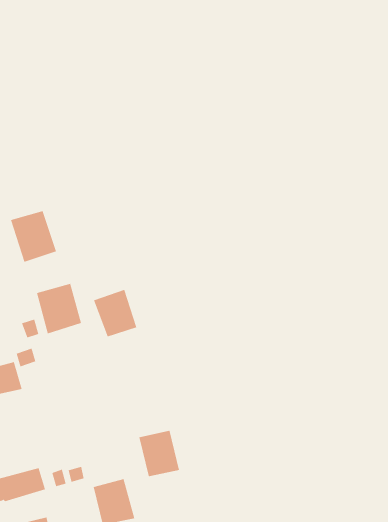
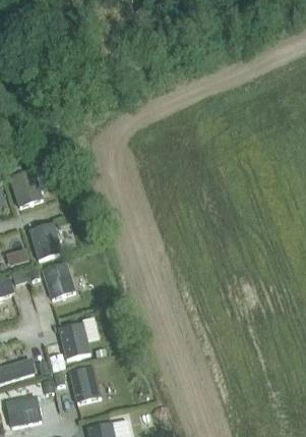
building: [93,289,137,337] -> [42,261,74,296]
building: [139,430,180,477] -> [59,322,89,357]

